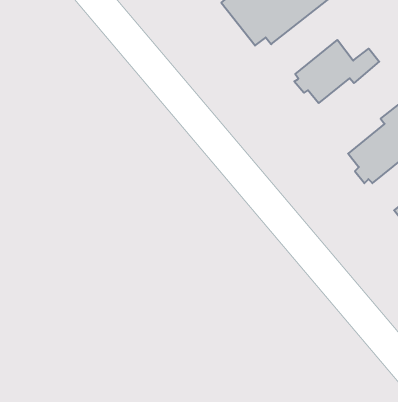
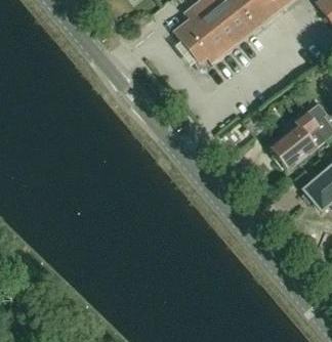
building: [294,40,379,103] -> none

